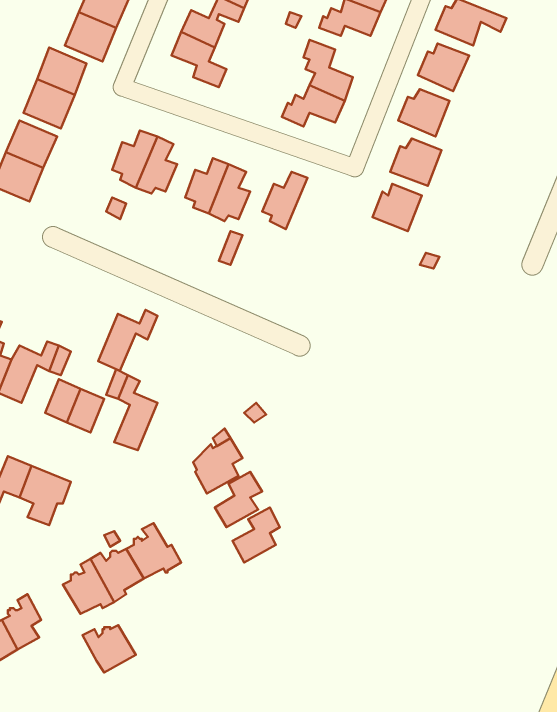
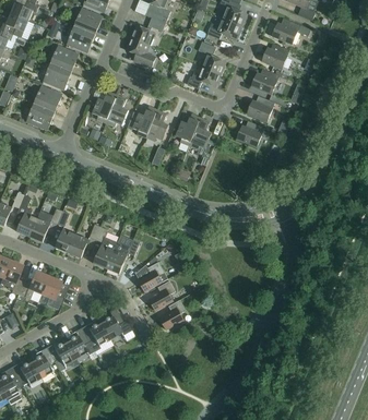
building: none -> [188,117,217,154]
building: [98,310,157,371] -> [106,239,139,273]
building: [83,625,136,673] -> [45,341,74,368]

